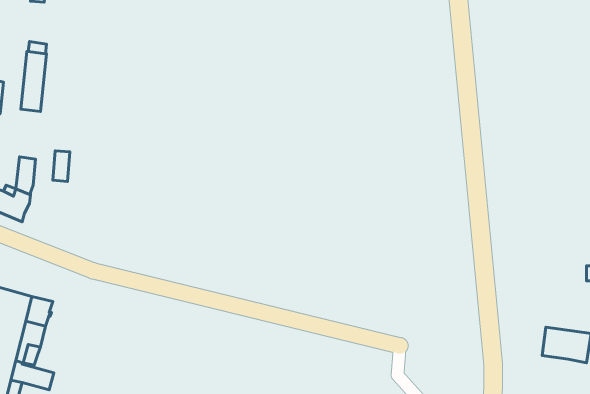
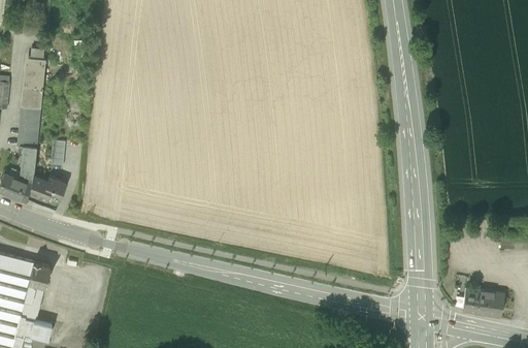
building: none -> [18,104,39,147]
building: none -> [26,175,64,199]

